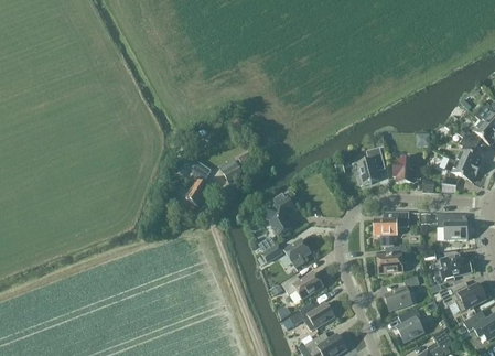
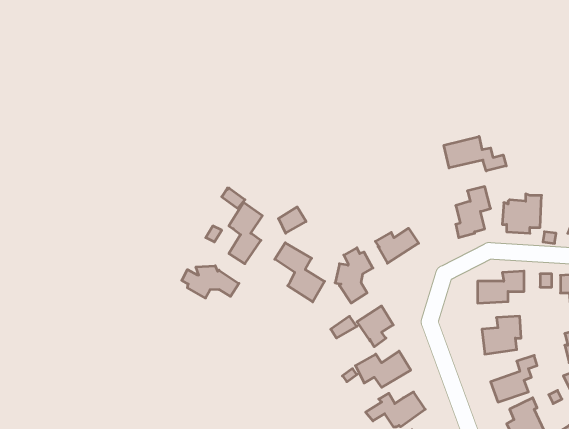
building: none -> [444,136,506,171]
building: none -> [375,228,419,263]
building: none -> [275,243,325,302]
building: none -> [182,266,239,298]

